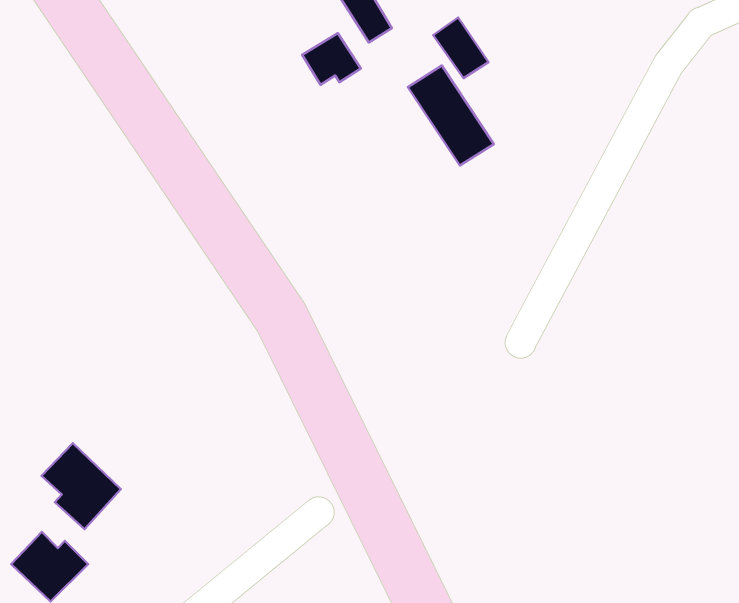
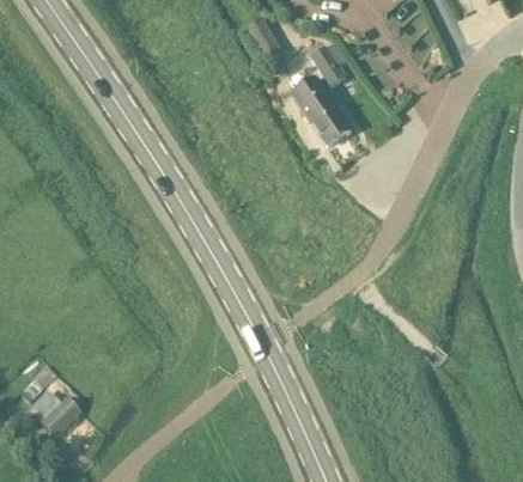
building: [302,33,361,85] -> none
building: [41,443,121,529] -> none

